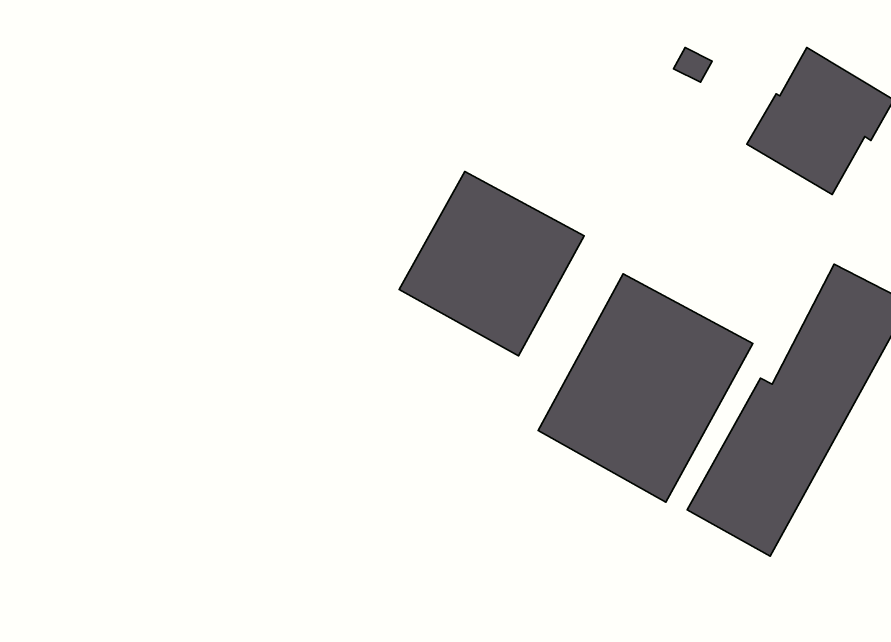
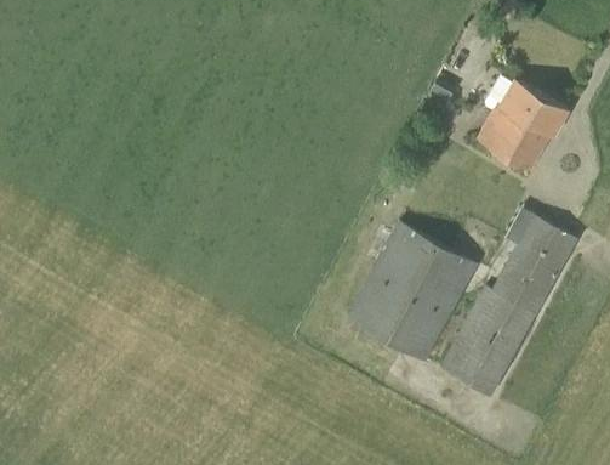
building: [399,171,584,356] -> none

